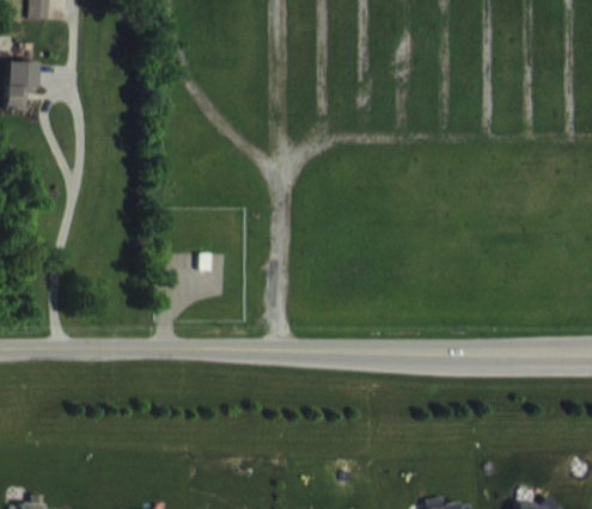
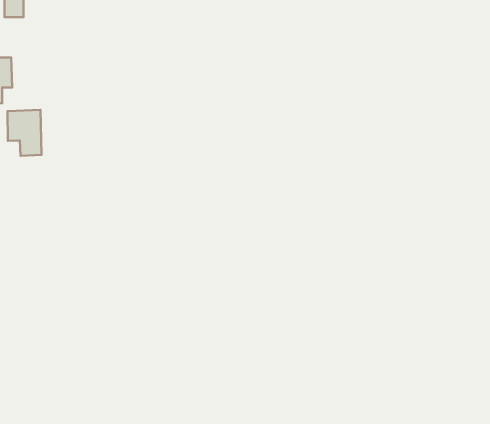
building: none -> [8,110,42,156]

